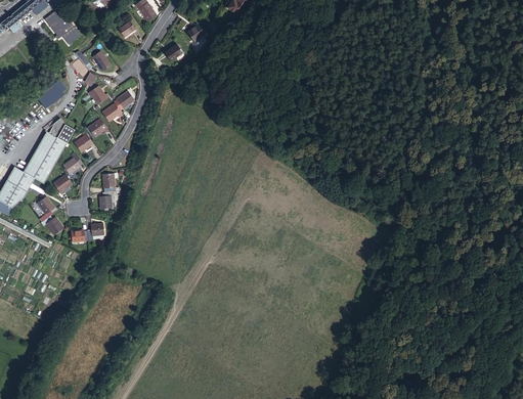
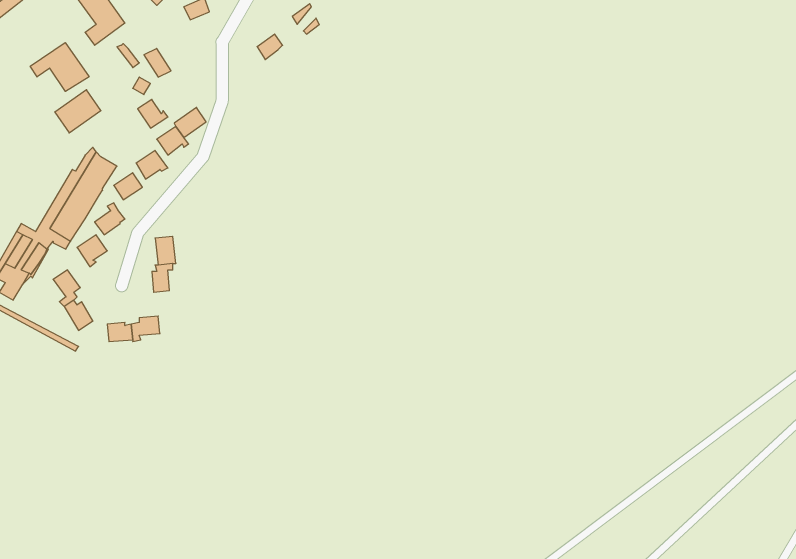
building: none -> [30,43,89,91]

